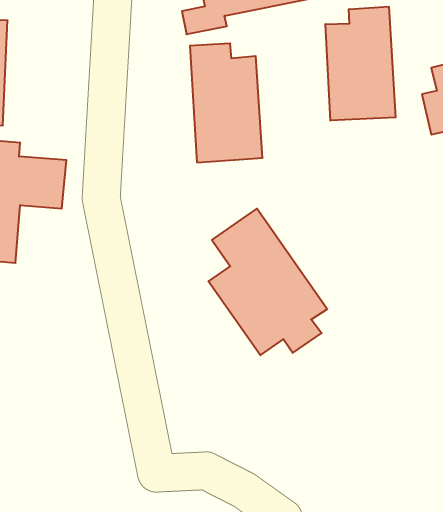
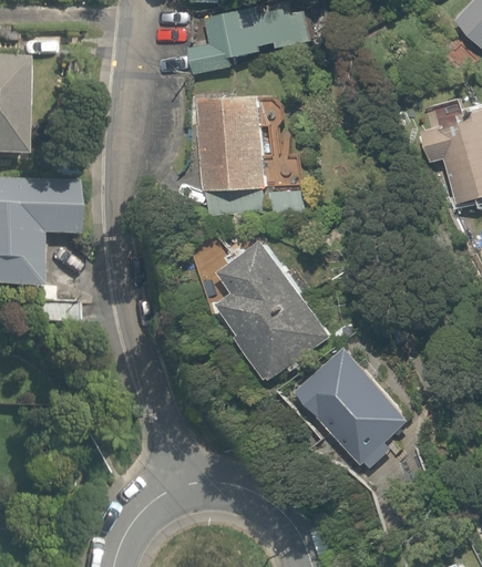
building: [325,7,396,121] -> none
building: none -> [299,350,419,470]

